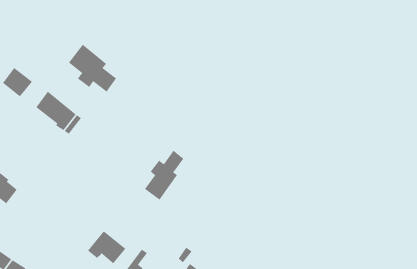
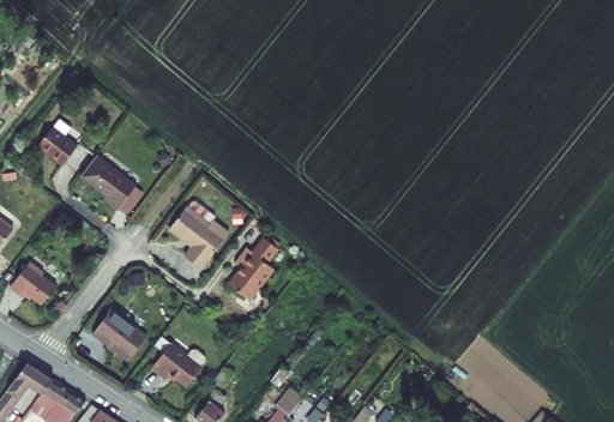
building: [68,44,117,93] -> none
building: none -> [169,205,228,271]
building: none -> [95,311,150,363]

